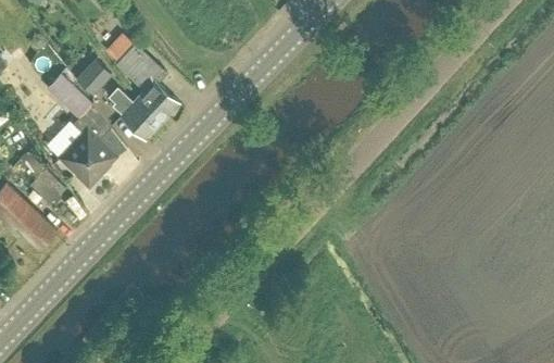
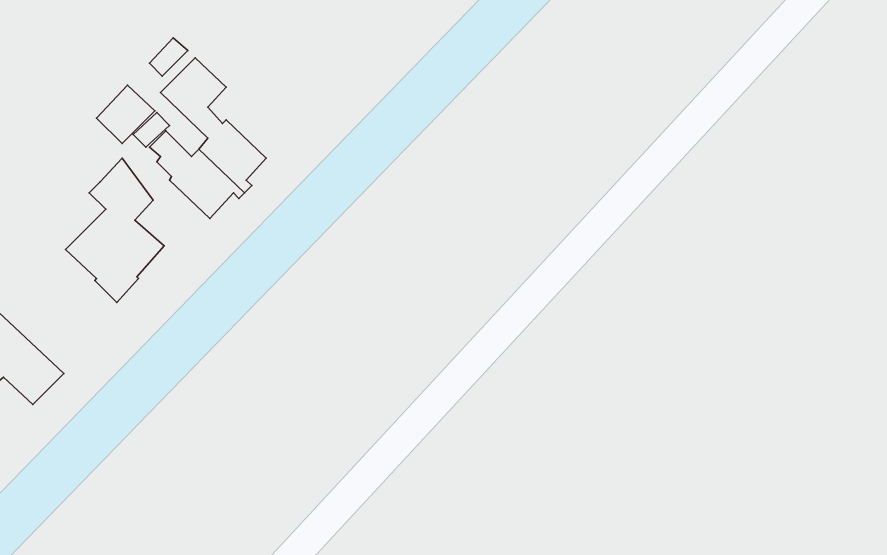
building: [48,74,92,118] -> none
building: [29,171,66,206] -> none

